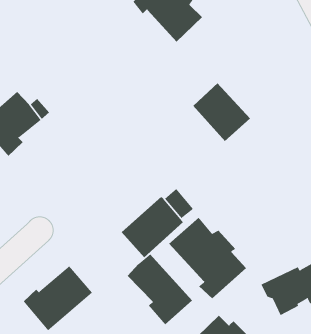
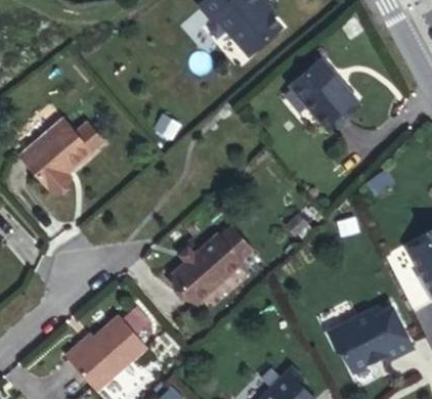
building: [192,83,251,142] -> [291,57,357,125]
building: [168,217,247,299] -> none
building: [127,253,193,325] -> none

